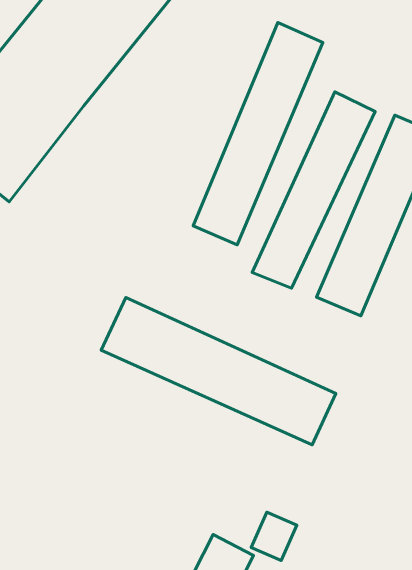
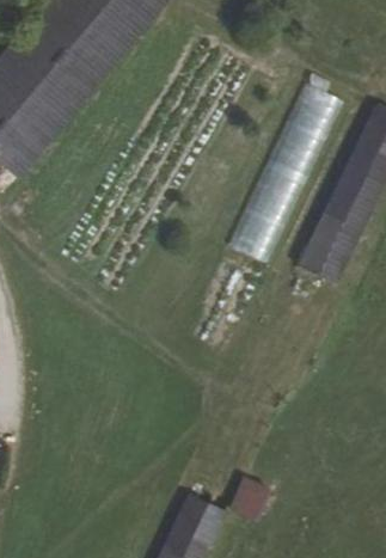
building: [193,23,323,245] -> none
building: [101,297,336,445] -> none

